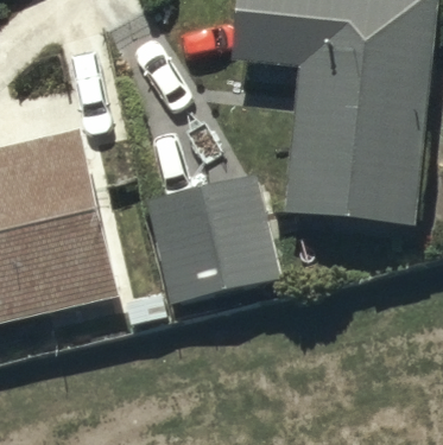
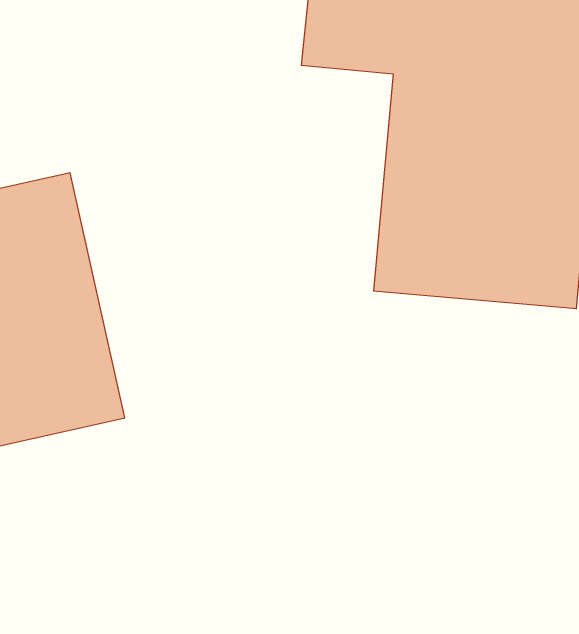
building: [145,173,280,303] -> none

